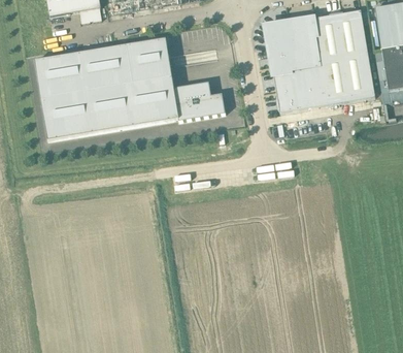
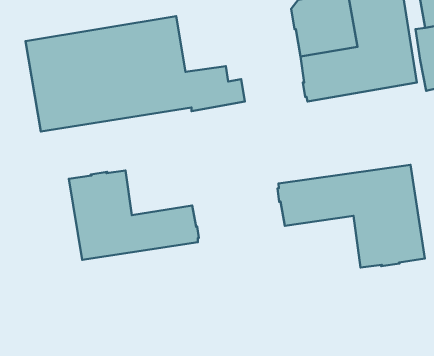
building: none -> [277,165,425,267]
building: none -> [69,171,199,260]

